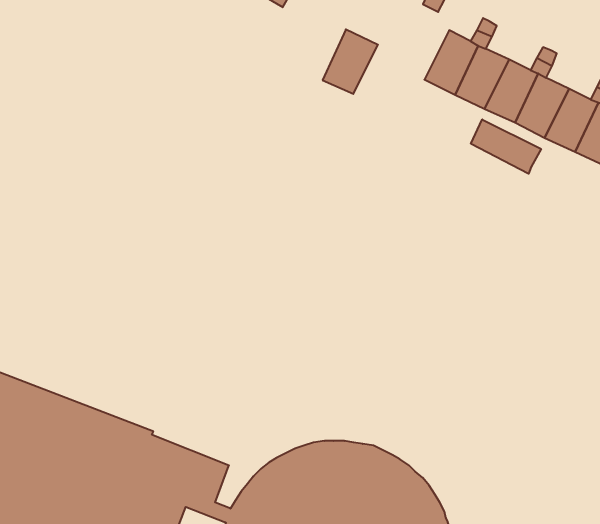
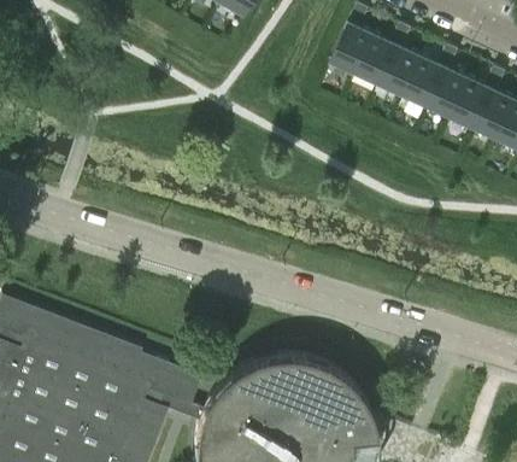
building: [323,29,378,94] -> [333,23,376,74]
building: [471,119,541,174] -> none

